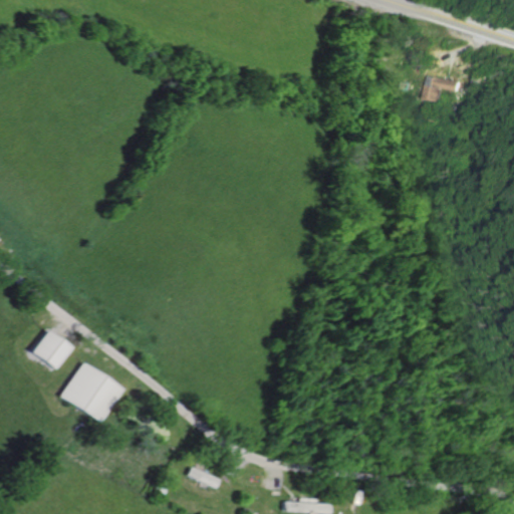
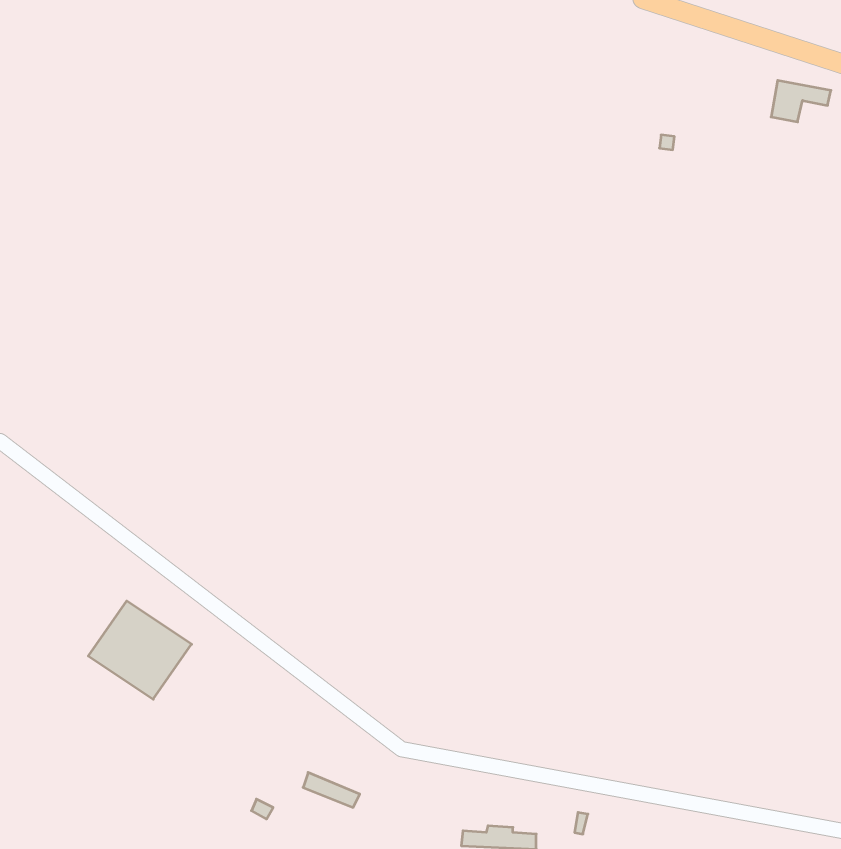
building: [426,75,462,100] -> [771,80,831,122]
building: [34,329,72,367] -> none

